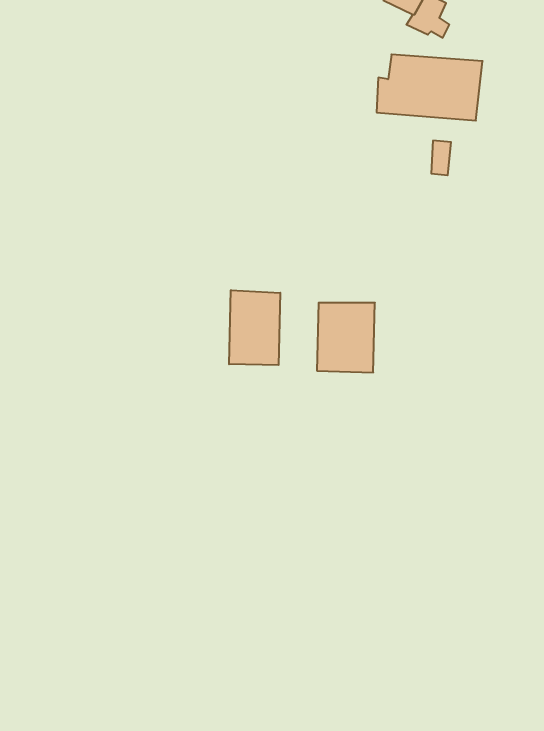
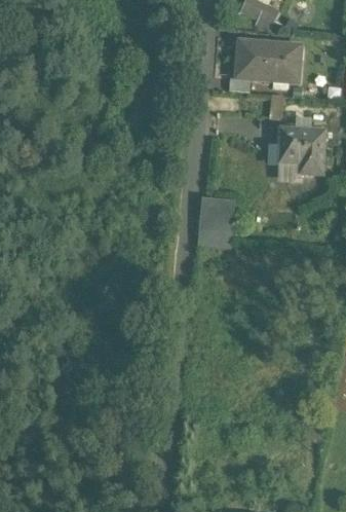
building: none -> [279,131,323,175]
building: [229,290,280,365] -> none

